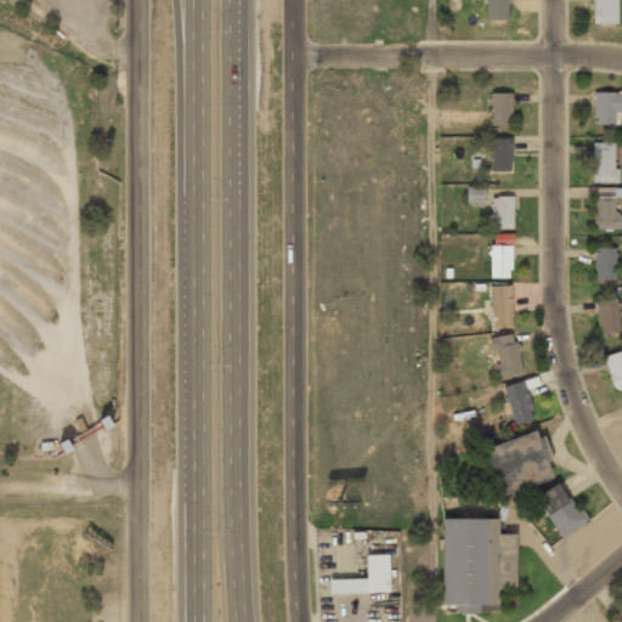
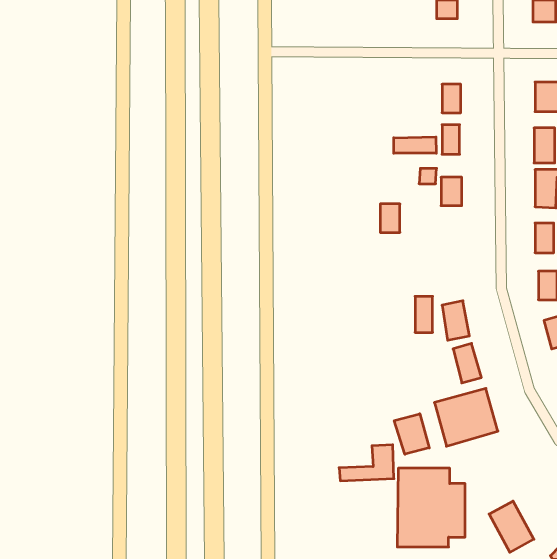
building: none -> [394,137,436,153]
building: [491,247,513,278] -> [380,204,400,232]
building: [493,287,513,327] -> [415,296,433,332]
building: none -> [394,414,429,454]
building: [538,481,588,538] -> [489,501,534,552]
building: [330,554,391,594] -> [339,445,394,481]

